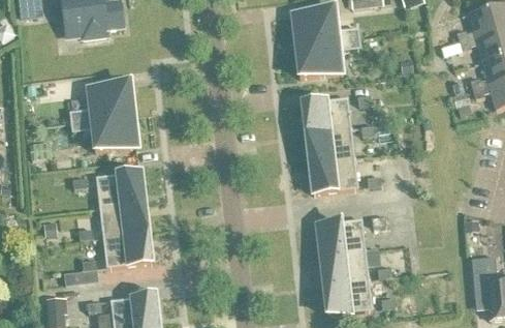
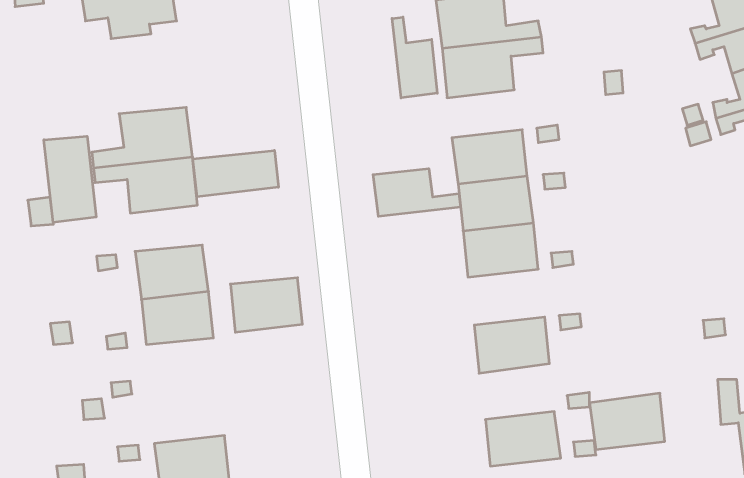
building: none -> [392,17,437,98]
building: none -> [44,136,96,222]
building: none -> [193,150,278,197]
building: none -> [373,169,461,216]
building: [104,231,151,266] -> [230,278,302,332]
building: [319,247,368,284] -> [589,393,665,449]

